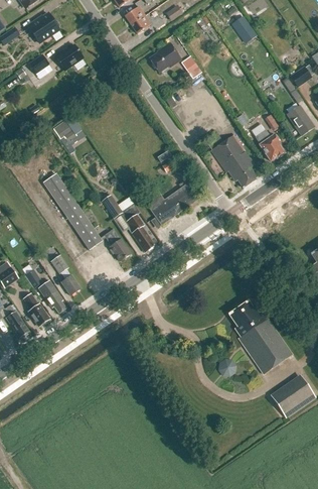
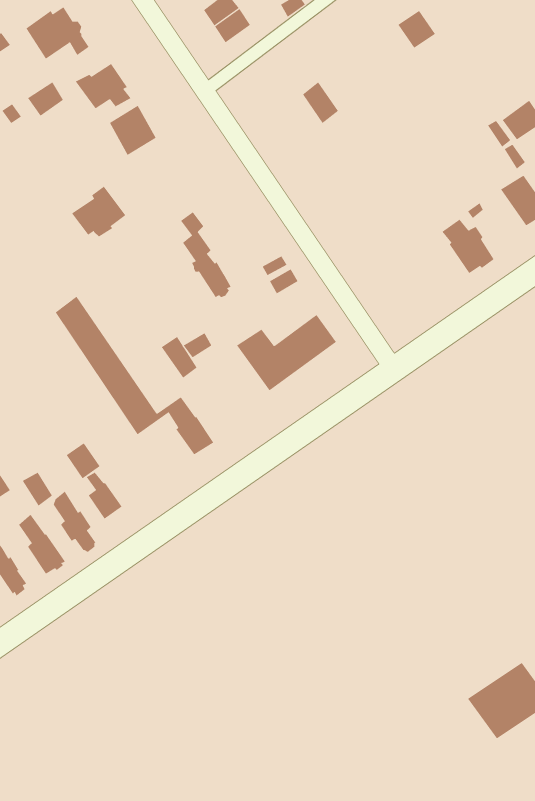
building: [150,42,181,72] -> none
building: none -> [109,105,156,156]
building: [211,134,258,187] -> none
building: [126,204,154,251] -> [180,212,232,298]
building: [228,299,292,372] -> none

